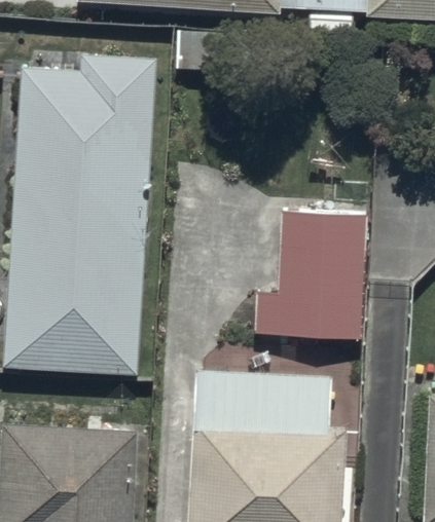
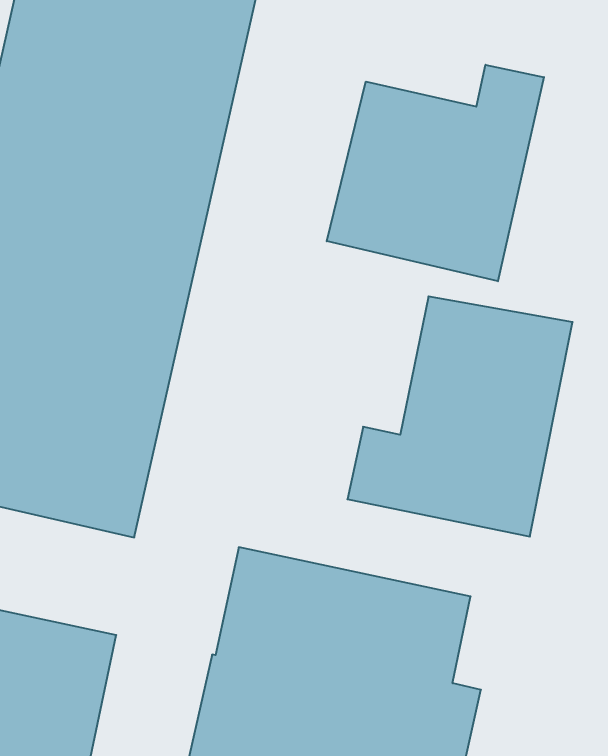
building: none -> [327,65,544,281]

